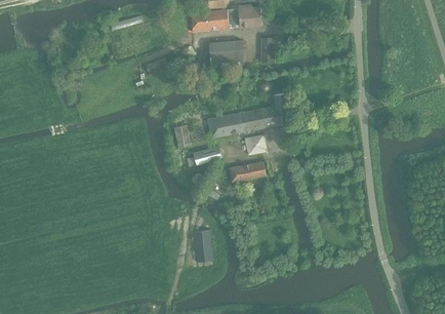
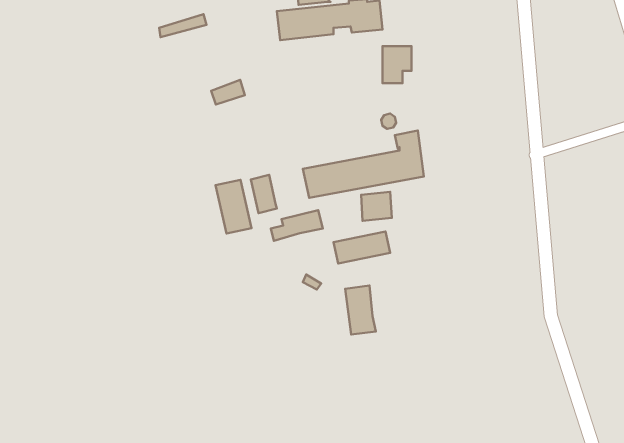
building: [208,39,243,67] -> none
building: none -> [216,180,252,234]
building: [193,229,213,262] -> [345,286,376,335]

